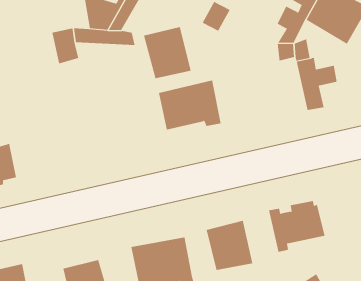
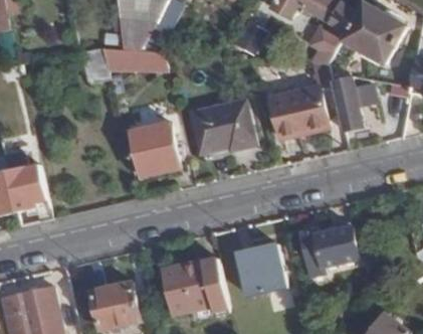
building: [143,27,191,79] -> [130,123,179,176]
building: none -> [268,86,328,140]

